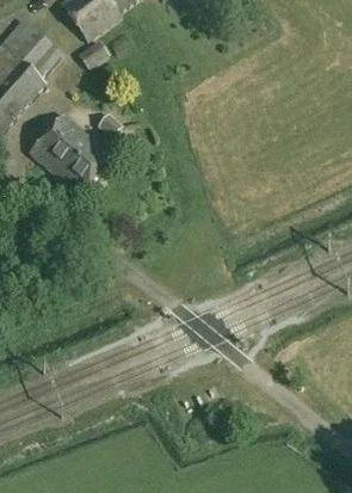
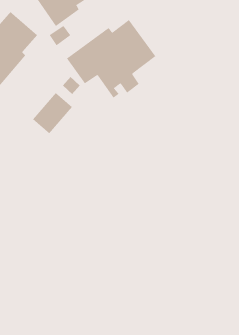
building: none -> [66,19,156,98]
building: [29,113,87,173] -> none

